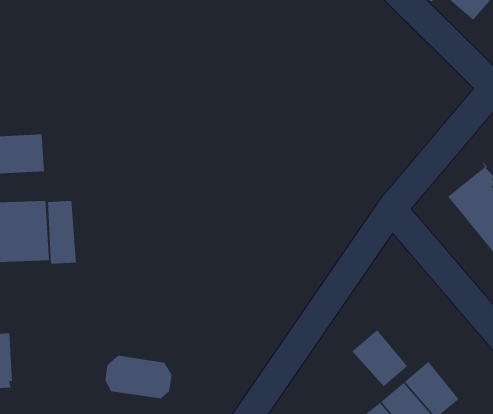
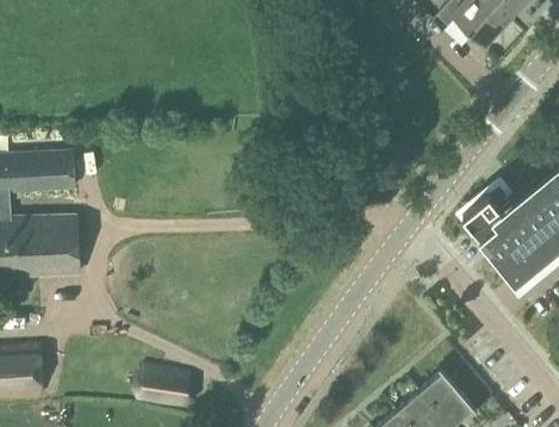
building: [47,200,77,265] -> none
building: [352,329,408,387] -> none

